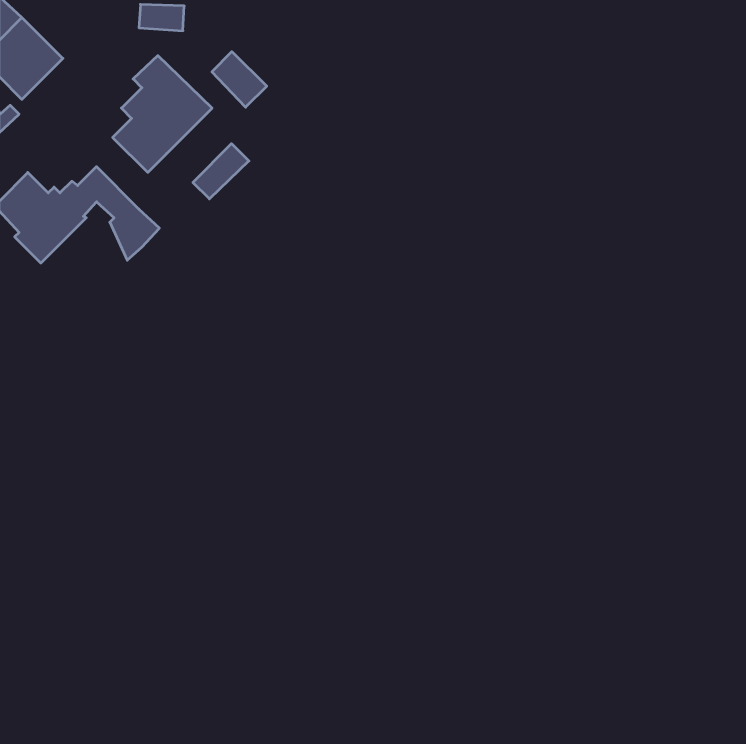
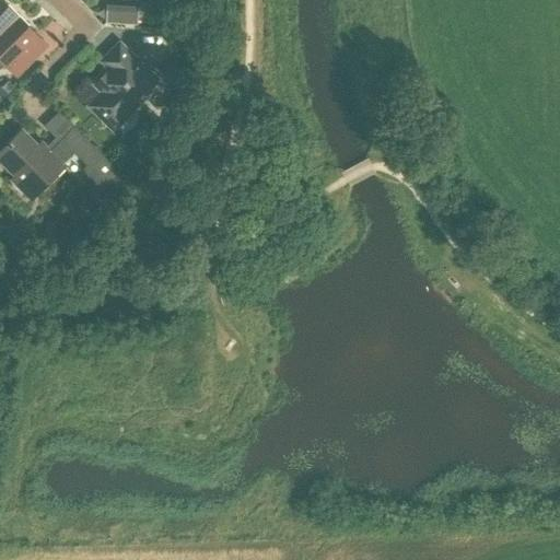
building: [212,52,267,107] -> none
building: [193,144,249,199] -> none

